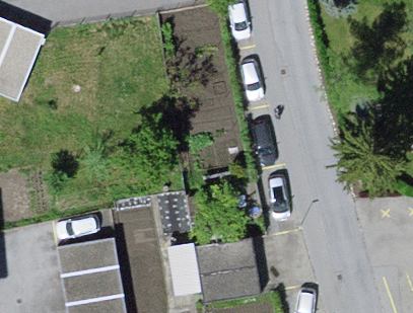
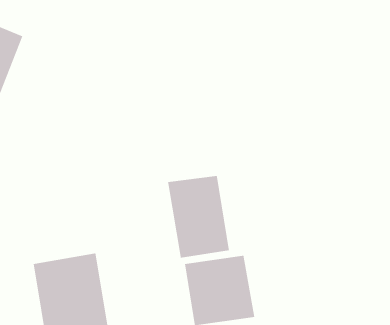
building: none -> [167,175,230,259]

